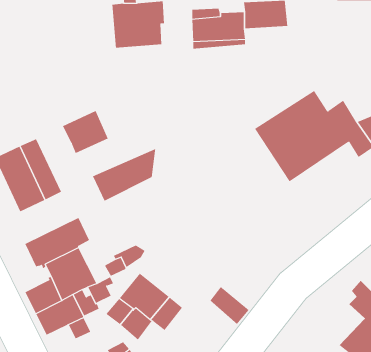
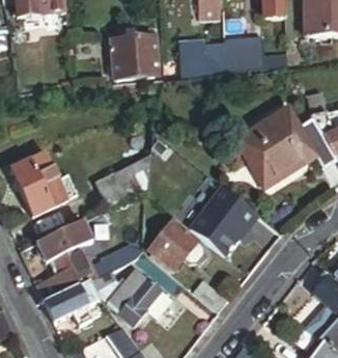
building: [62,110,108,154] -> none
building: none -> [181,182,261,247]
building: none -> [143,222,203,274]

